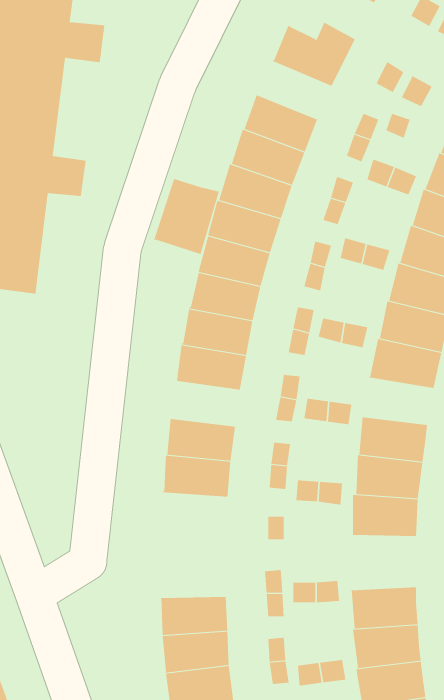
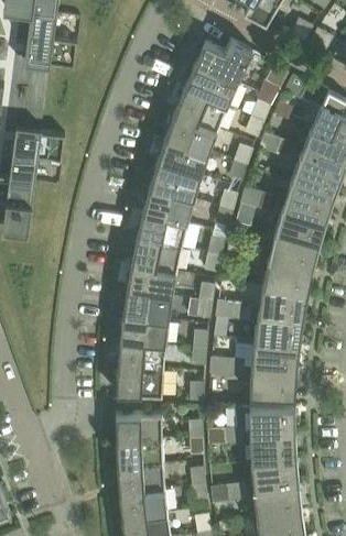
building: none -> [183,65,236,106]
building: [153,178,219,255] -> none
building: none -> [257,286,307,319]
building: none -> [122,288,172,320]
building: none -> [116,367,163,395]
building: none -> [249,406,295,435]
building: none -> [115,413,162,440]

